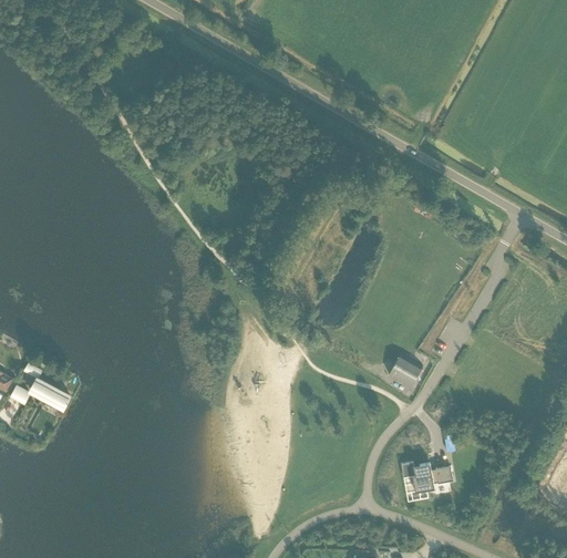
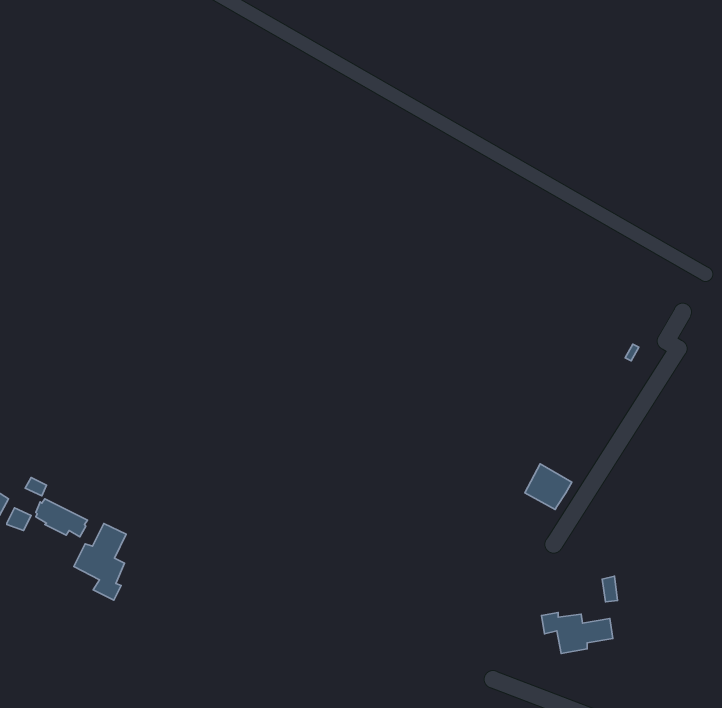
building: none -> [74,523,126,600]

